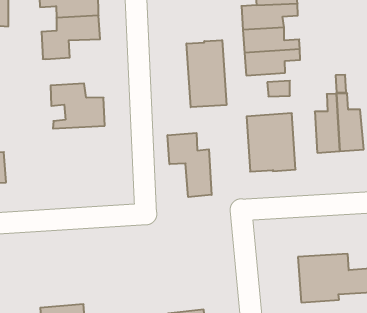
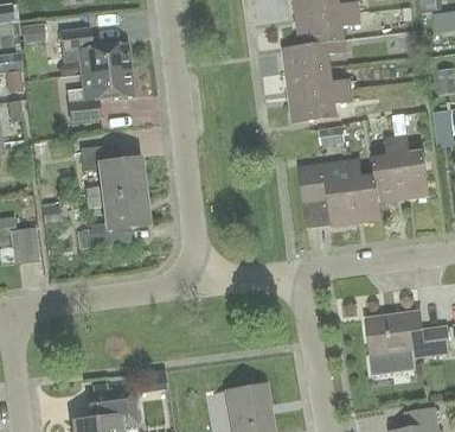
building: [187,40,226,107] -> none
building: none -> [348,159,382,222]
building: none -> [86,189,148,247]
building: [168,133,212,197] -> none

